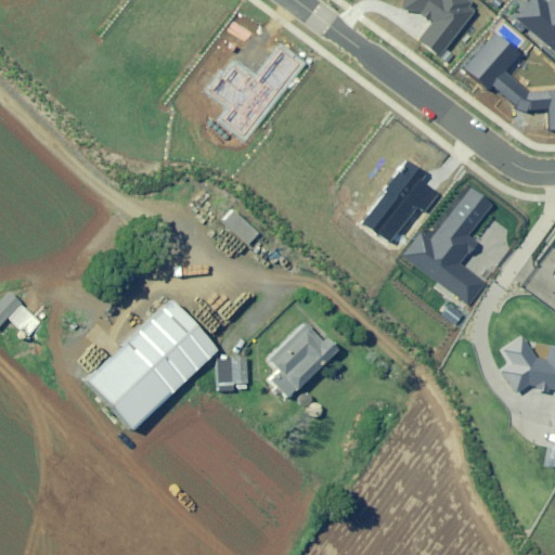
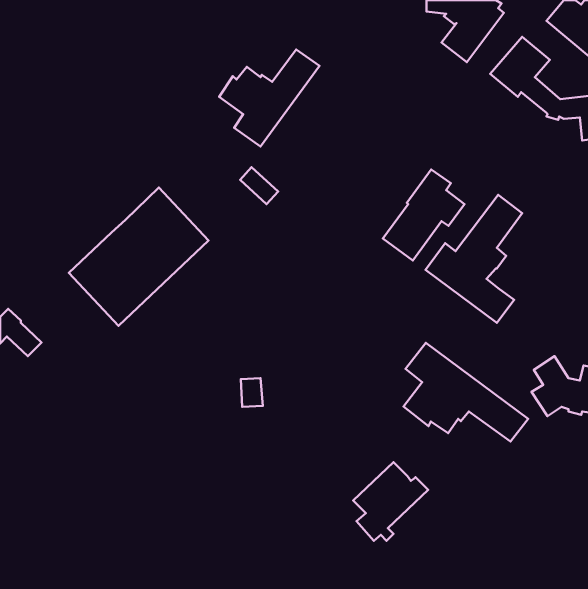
building: [221,209,257,244] -> [240,167,278,204]
building: [86,299,217,429] -> [69,187,208,326]
building: none -> [404,343,528,442]
building: [267,323,337,397] -> [353,462,428,541]

